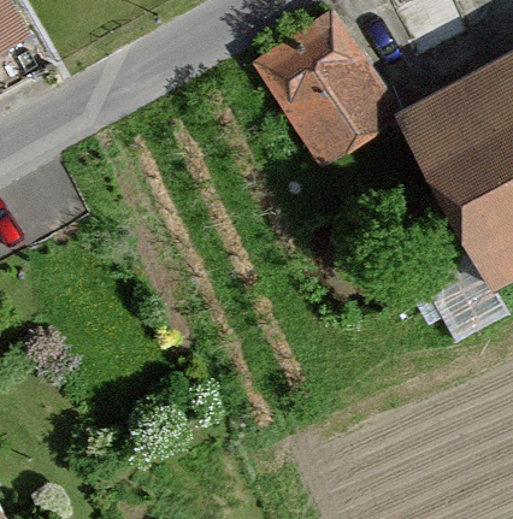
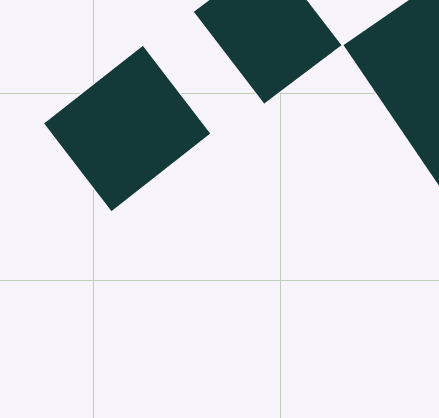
building: none -> [43,45,211,212]

